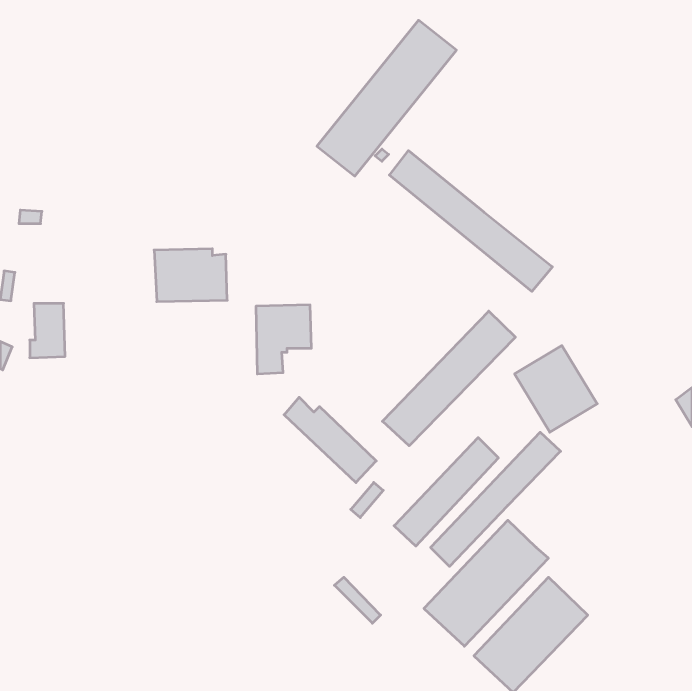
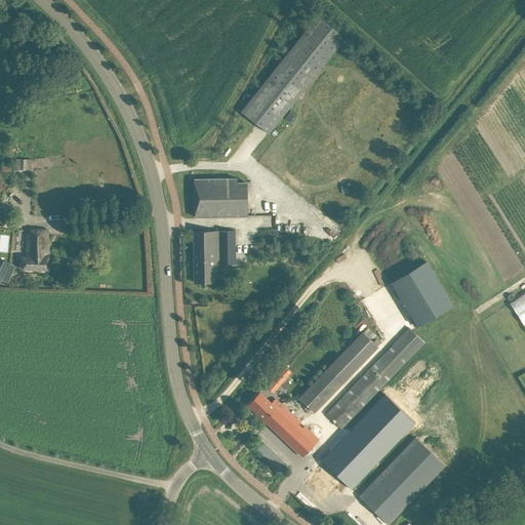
building: [389,151,552,291] -> none
building: [154,249,227,302] -> [193,178,248,218]
building: [382,311,515,446] -> none
building: [284,397,376,483] -> [248,393,318,457]

